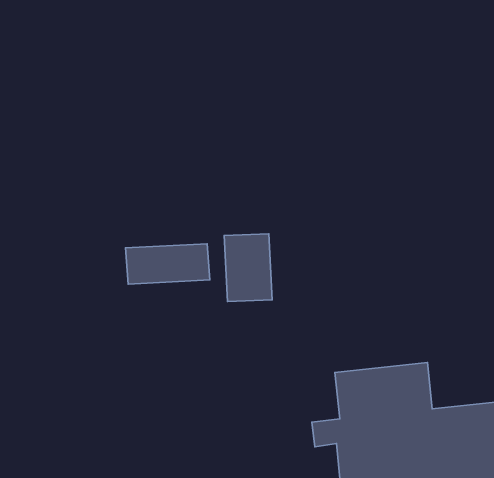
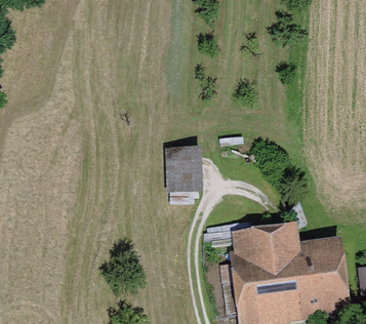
building: [126,244,210,284] -> none

